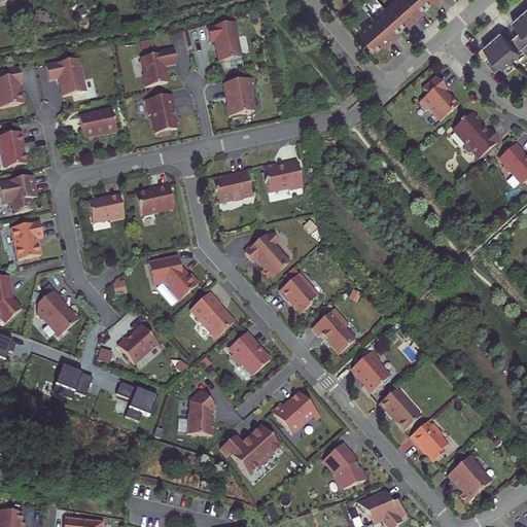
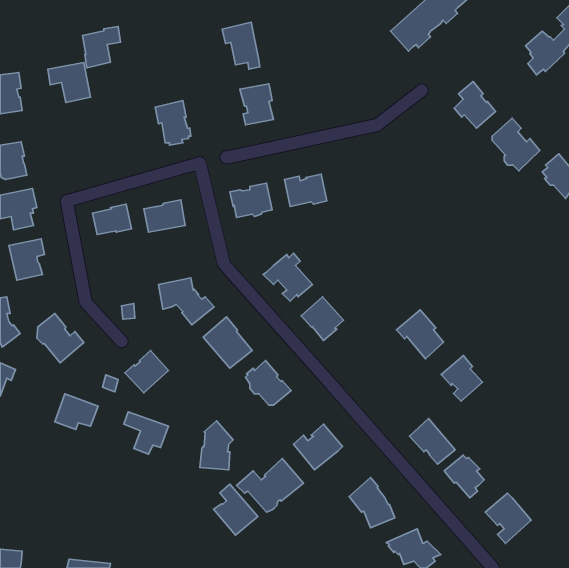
building: [140,47,175,85] -> [82,27,120,68]
building: [78,107,115,137] -> none
building: [312,309,355,354] -> [397,310,443,359]
building: [352,350,390,392] -> [441,355,482,401]
building: none -> [213,484,258,535]

